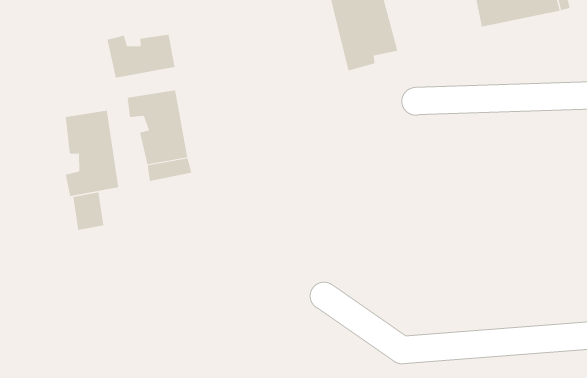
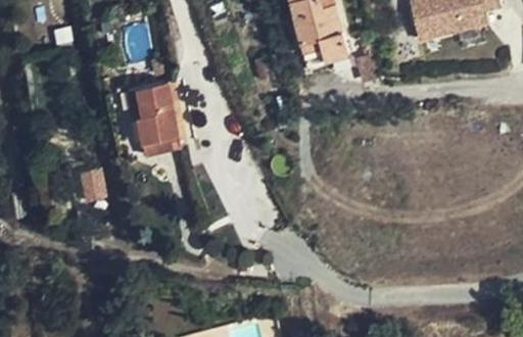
building: [107,34,175,79] -> none
building: [65,110,119,197] -> none

